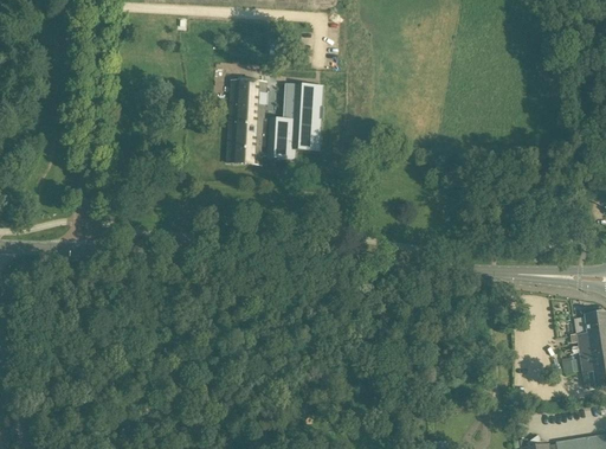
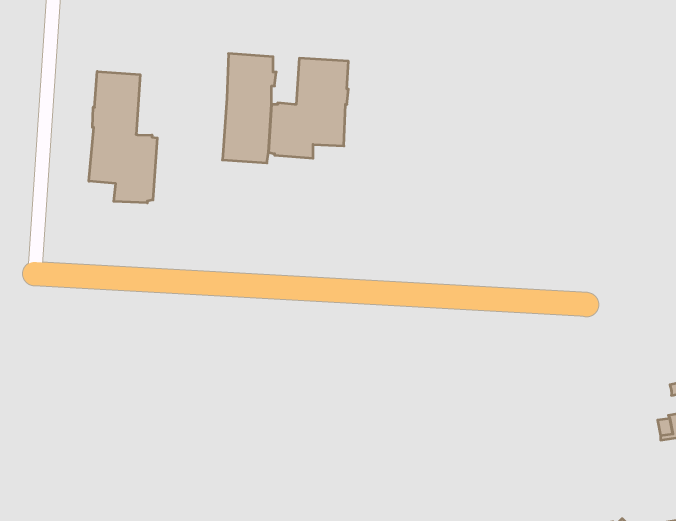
building: none -> [89,71,157,203]

